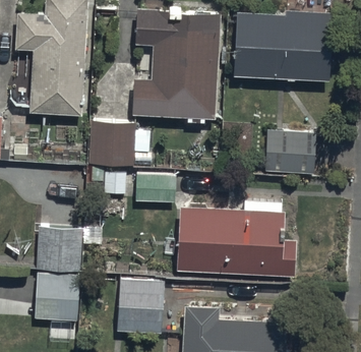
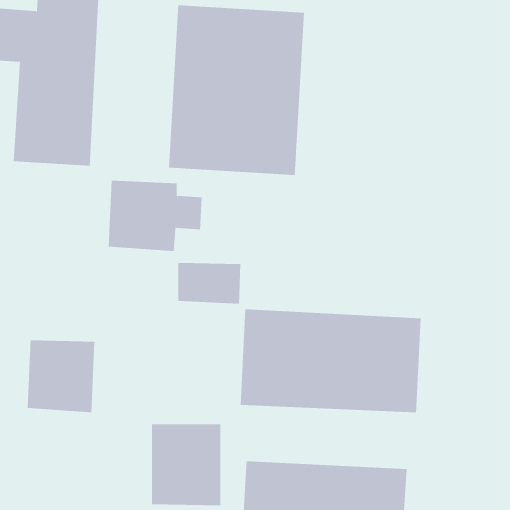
building: [232,10,330,78] -> none
building: [263,131,317,179] -> none
building: [35,274,79,325] -> none

